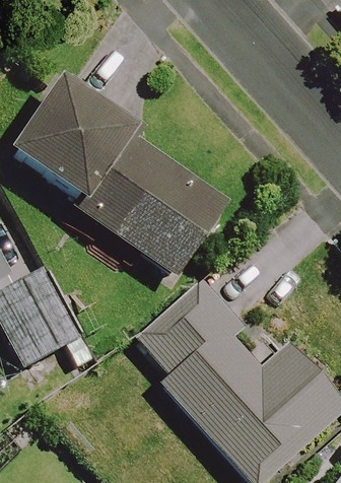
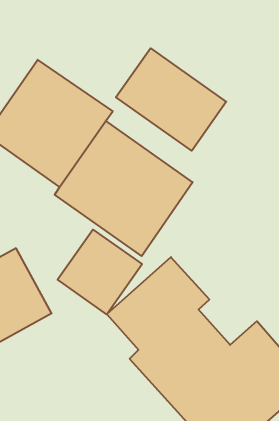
building: none -> [116,48,226,151]
building: none -> [58,230,142,314]

